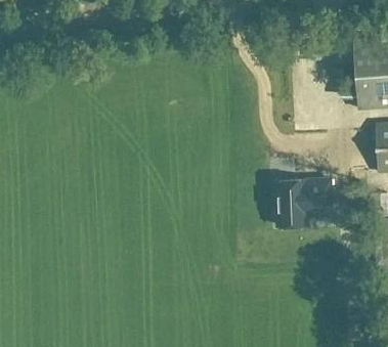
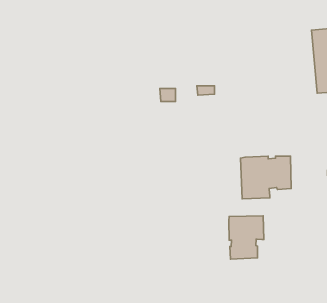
building: none -> [229,216,264,259]

